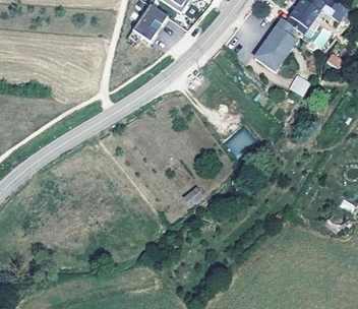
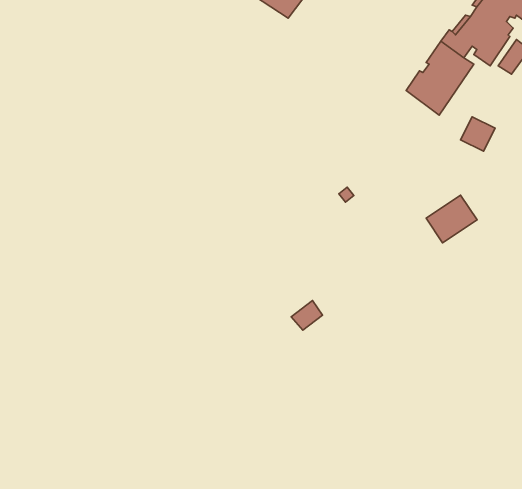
building: [132,5,167,43] -> none
building: [225,126,256,156] -> [426,195,477,243]

